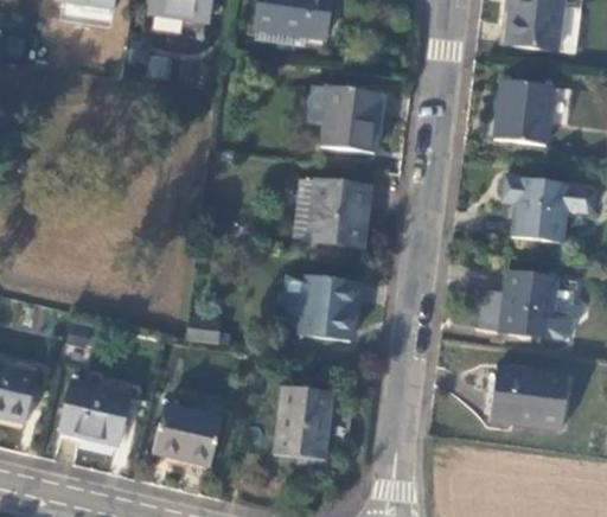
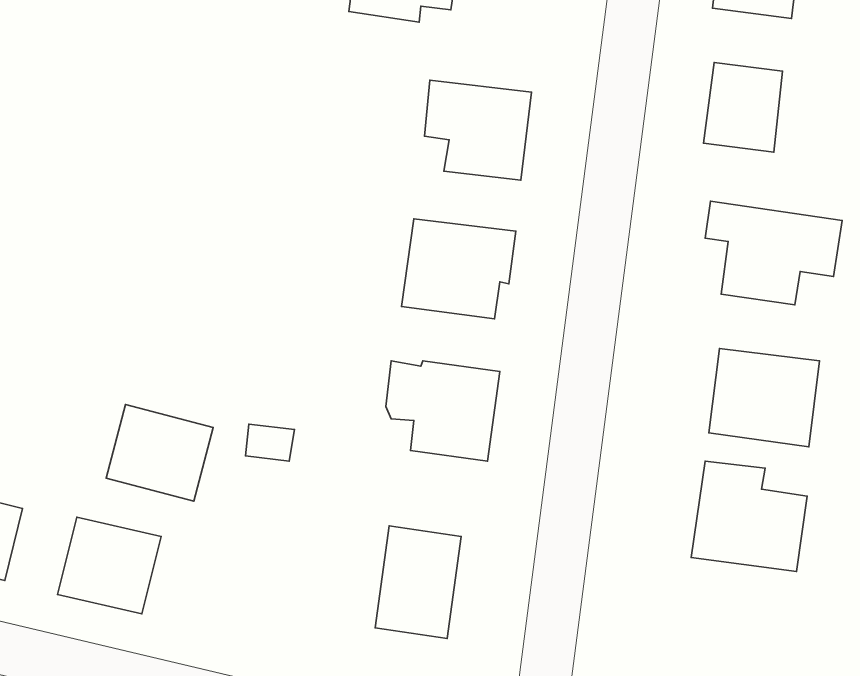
building: [152,406,224,471] -> [106,405,213,501]

